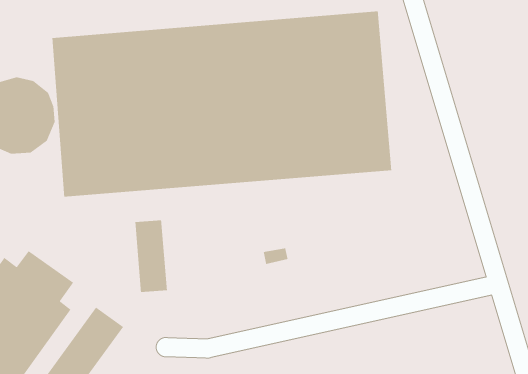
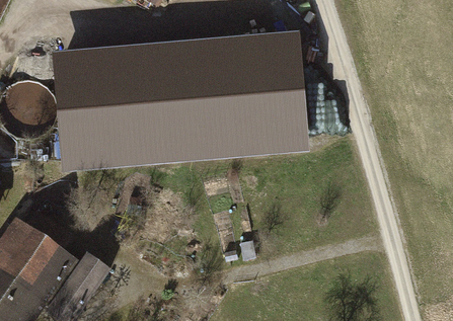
building: [134,219,168,293] -> none

